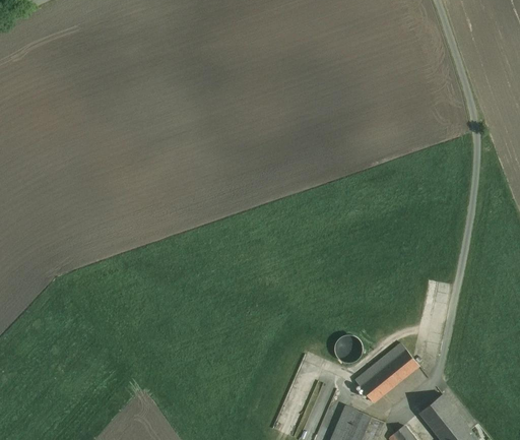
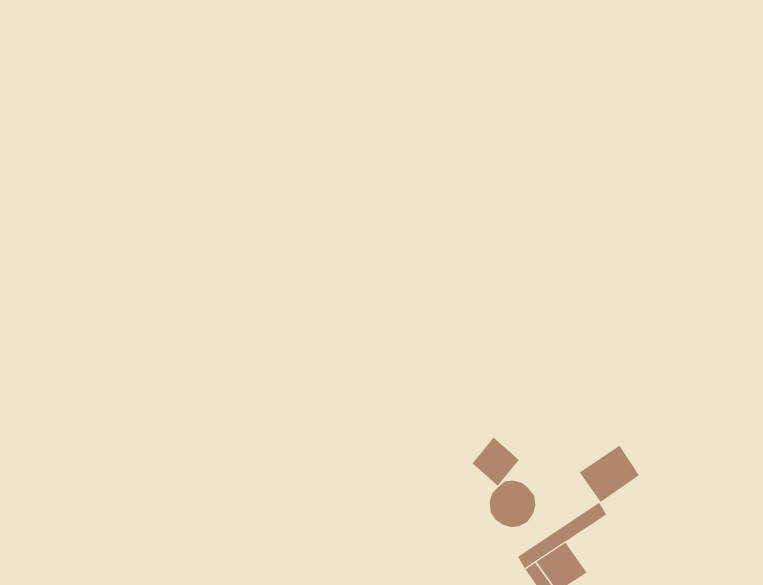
building: none -> [472,437,520,486]
building: [382,351,418,386] -> [579,445,640,503]

